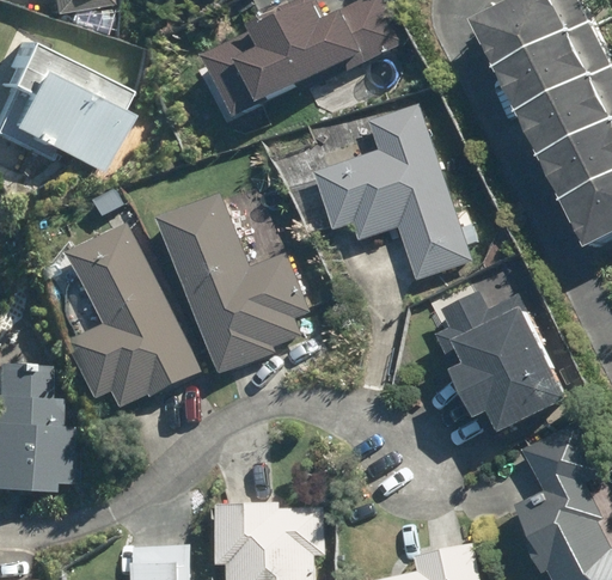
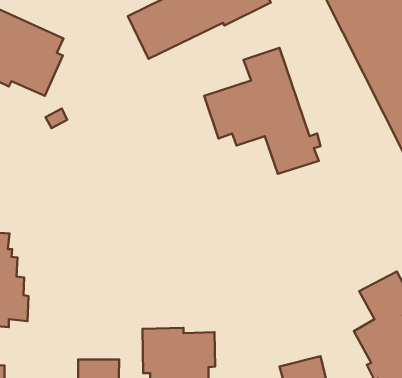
building: [154,195,307,376] -> none
building: [63,226,198,409] -> none
building: [433,293,567,441] -> none

